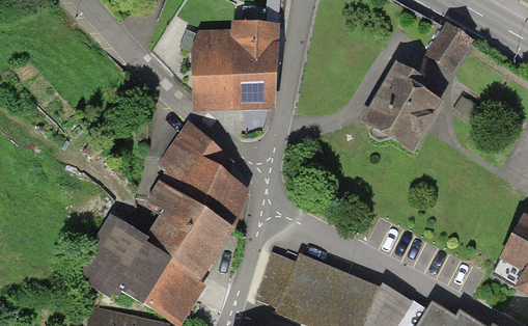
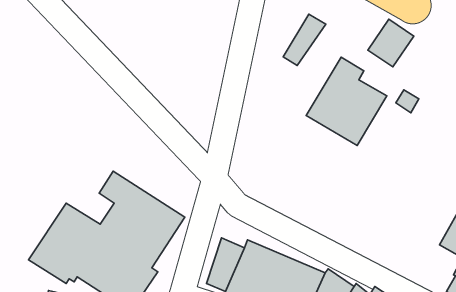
building: none -> [283,14,326,65]
building: [192,19,280,111] -> none
building: [158,119,249,228] -> none

